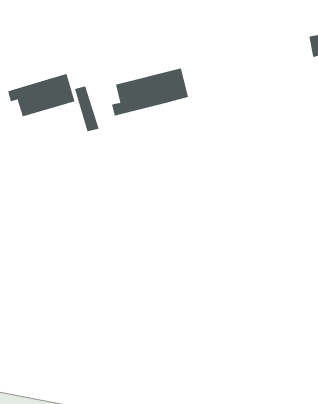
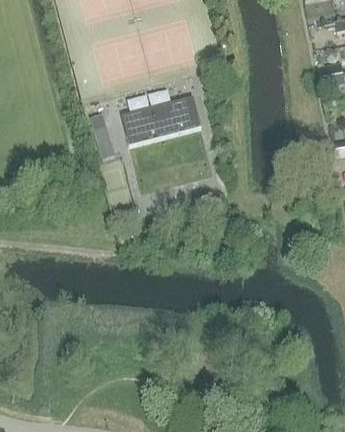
building: [7,73,75,117] -> none

